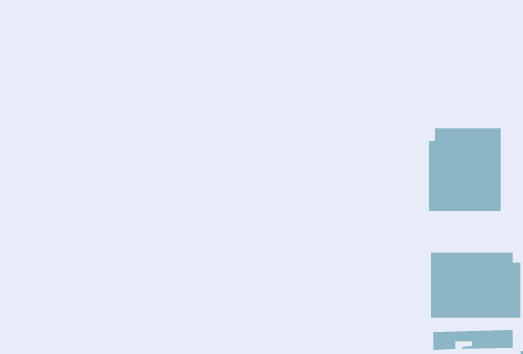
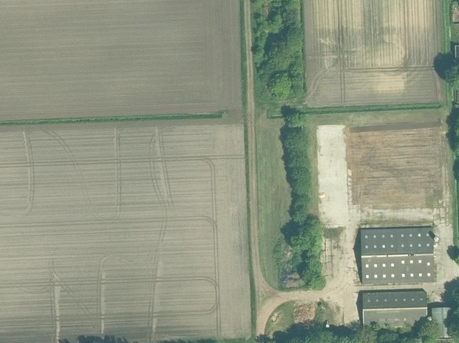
building: [428,128,501,212] -> none

